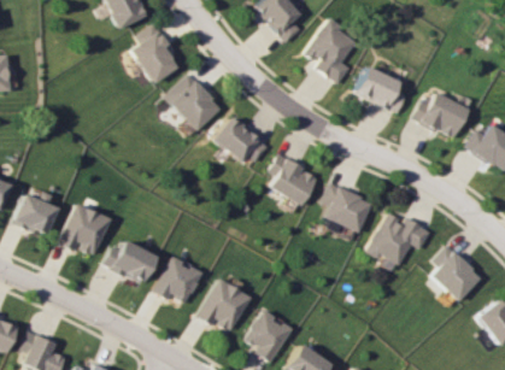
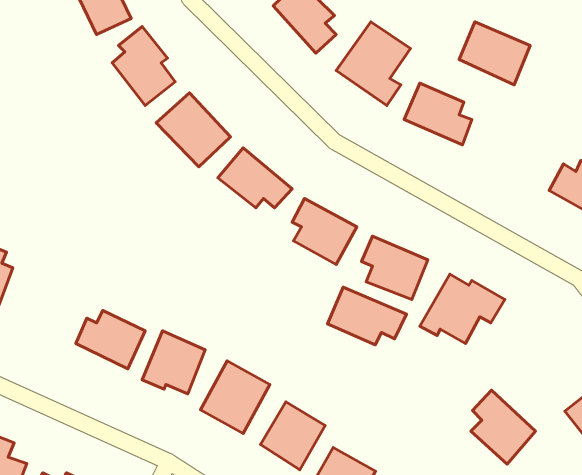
building: [412,90,466,139] -> [459,22,530,85]
building: [57,204,110,254] -> none
building: none -> [327,287,407,345]
building: [430,245,480,301] -> [471,390,536,464]

